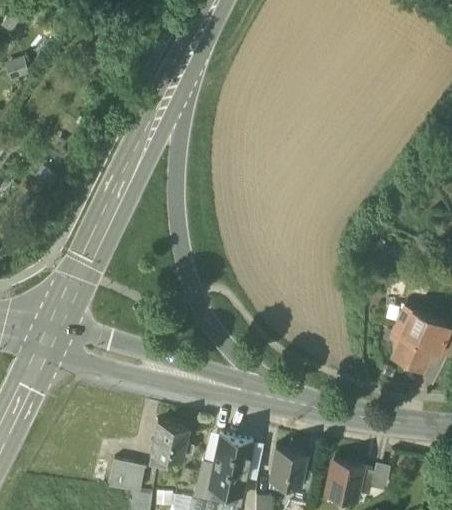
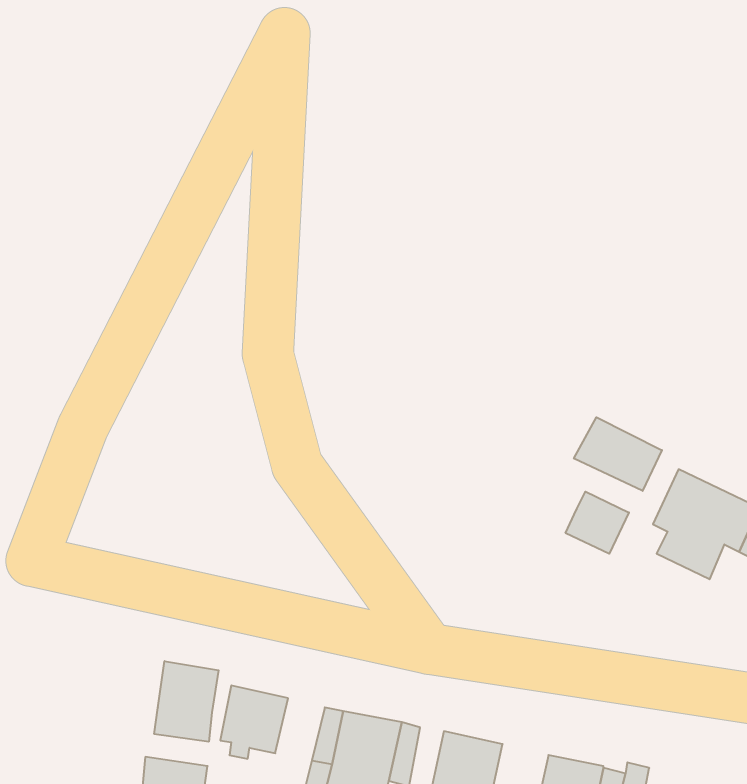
building: none -> [574,417,662,491]
building: none -> [566,492,629,554]
building: none -> [154,661,219,742]

